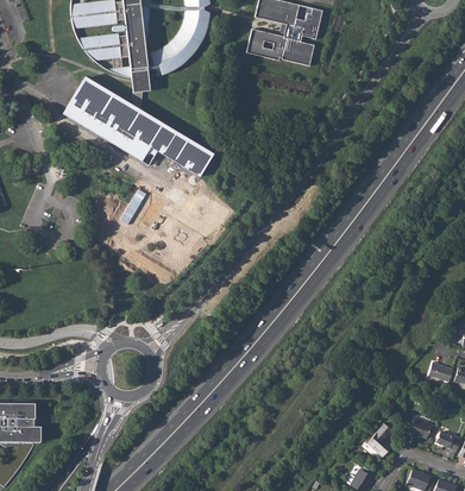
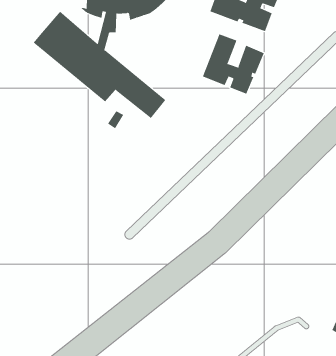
building: none -> [202,33,265,95]

